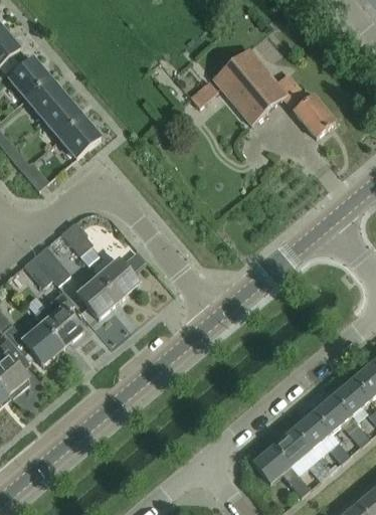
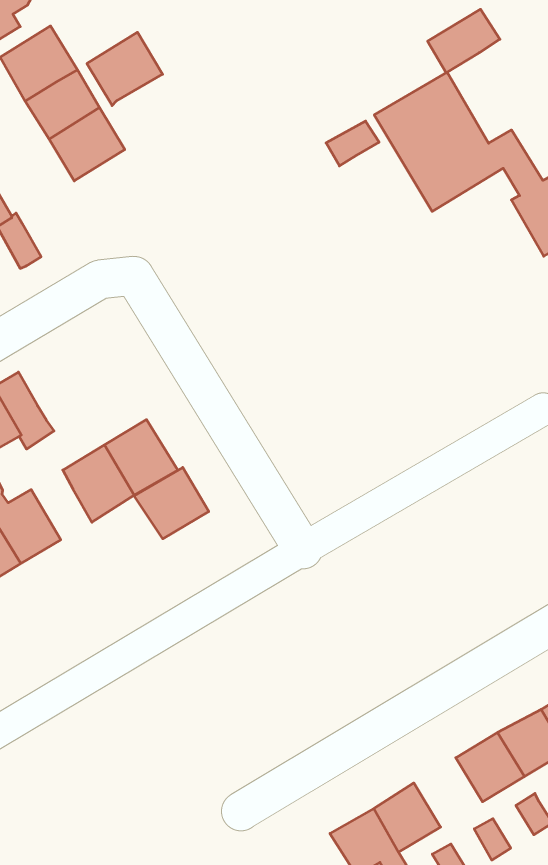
building: none -> [428,9,500,73]
building: [59,117,101,158] -> [87,32,163,106]
building: [61,221,99,264] -> none
building: none -> [134,467,209,539]
building: [293,411,331,450] -> none

